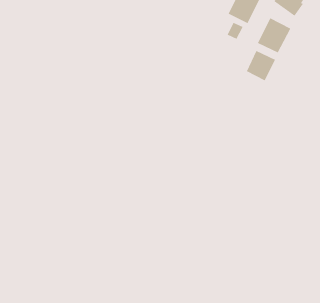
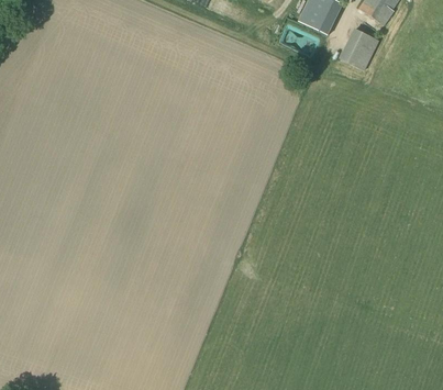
building: [246,50,276,81] -> none

